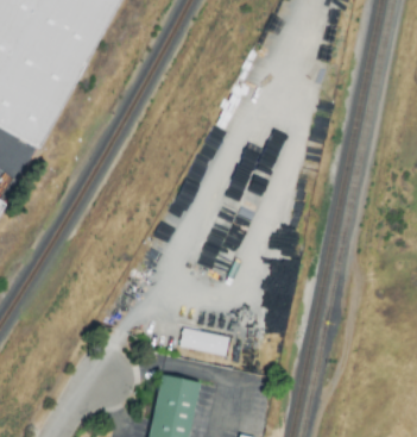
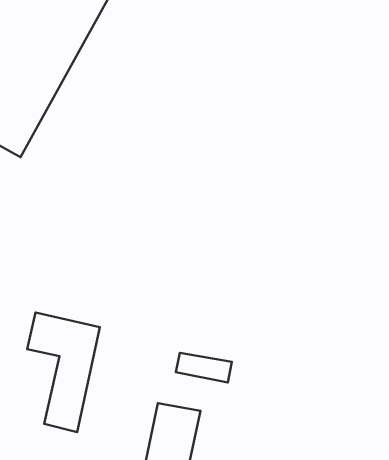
building: none -> [27,312,100,432]

